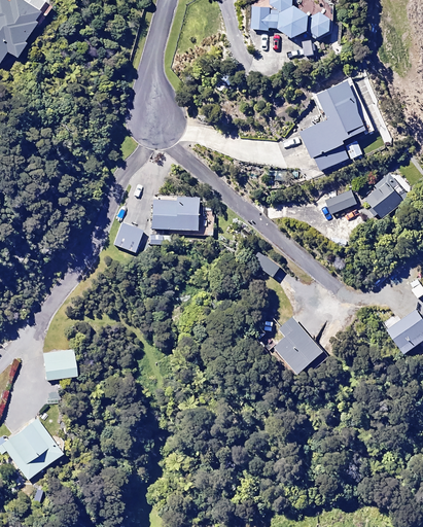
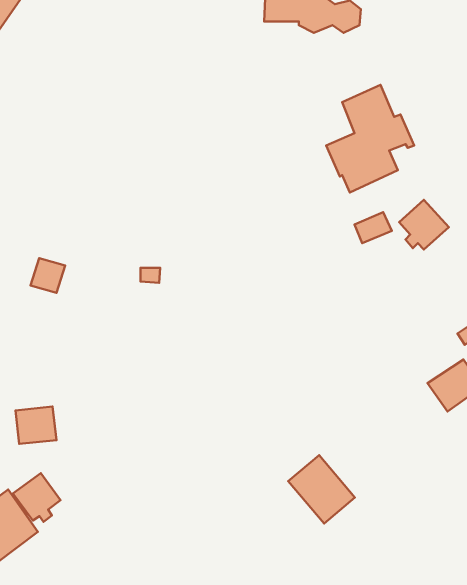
building: [151,198,200,230] -> none
building: [114,223,143,252] -> [30,258,65,293]
building: [267,316,322,373] -> [288,455,355,523]
building: none -> [13,473,61,522]

